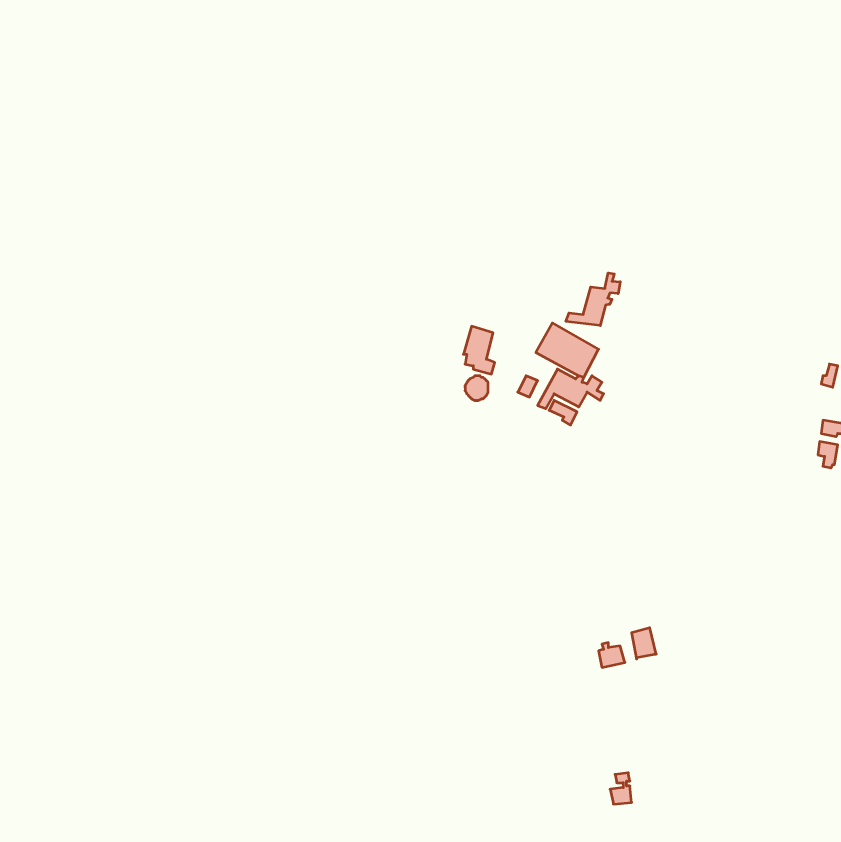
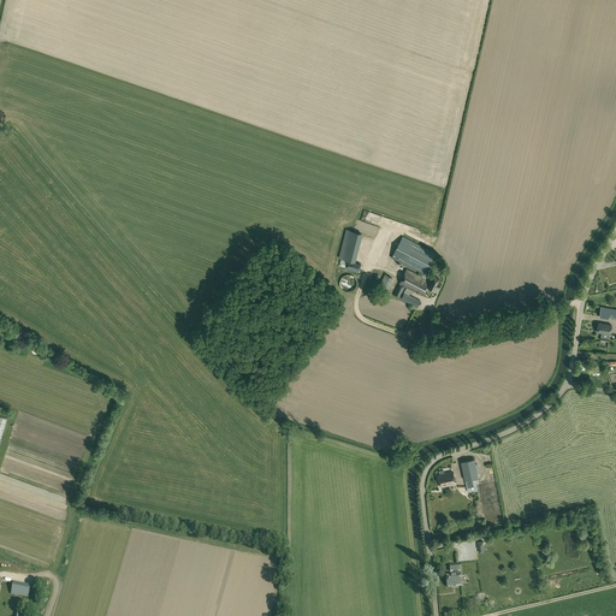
building: [566,273,620,326] -> none

